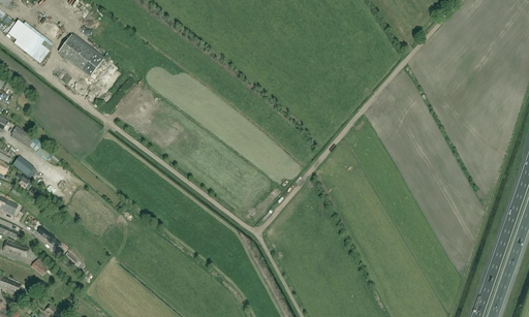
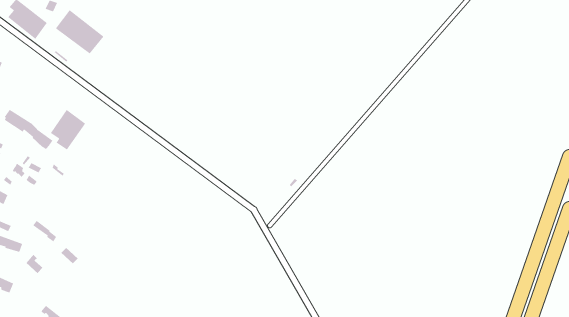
building: none -> [50,109,86,150]

